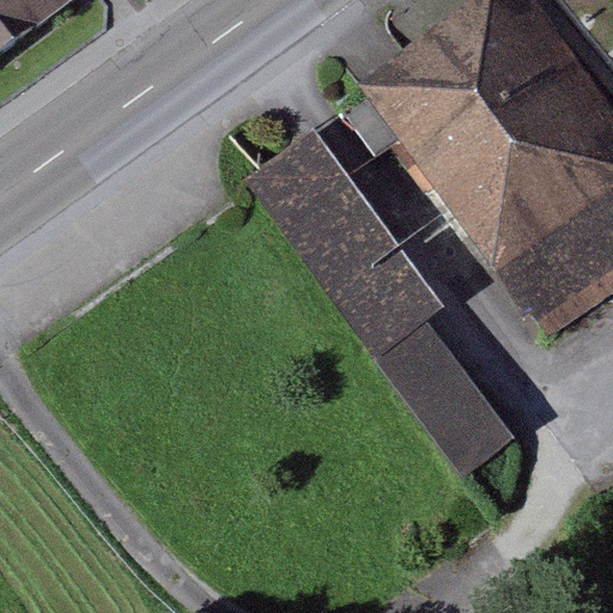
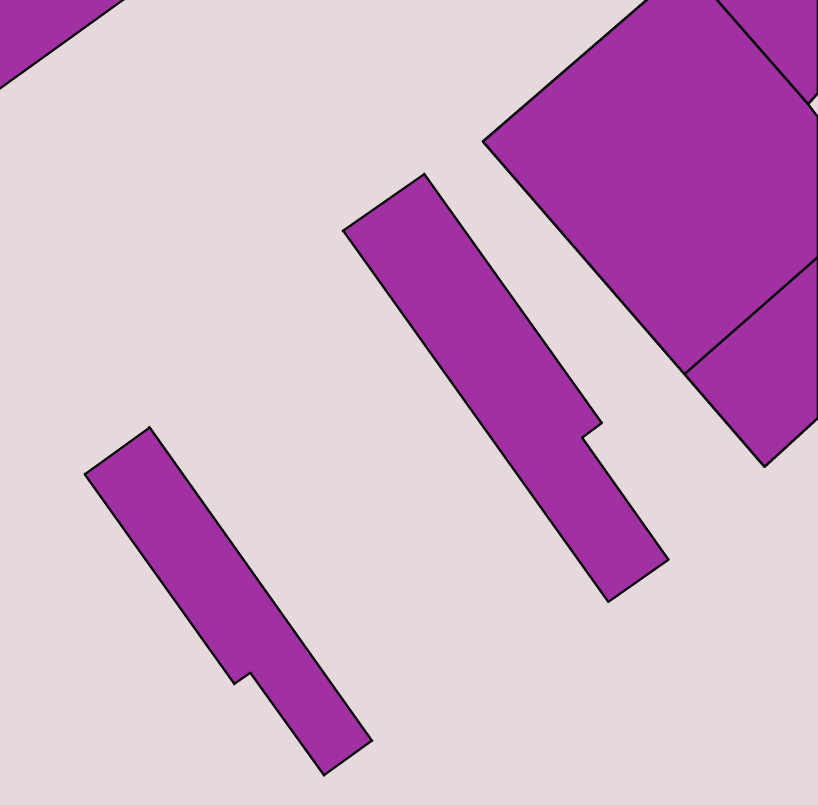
building: none -> [85,427,372,775]

